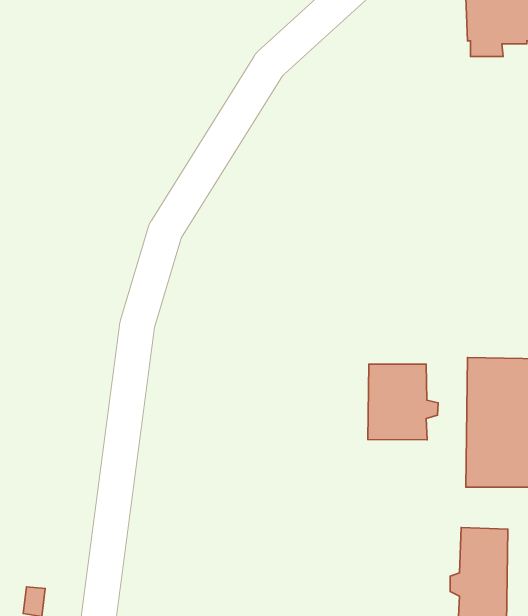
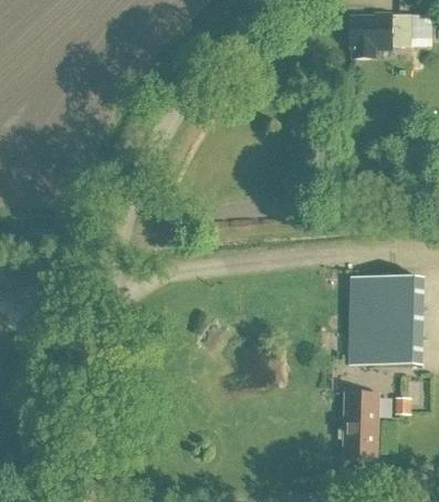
building: [368,364,438,440] -> none

